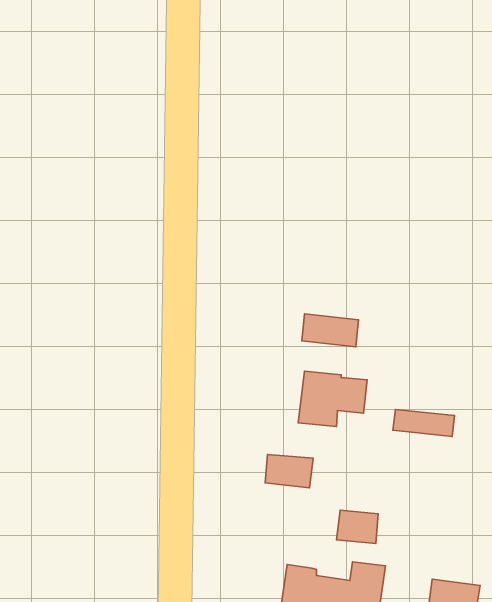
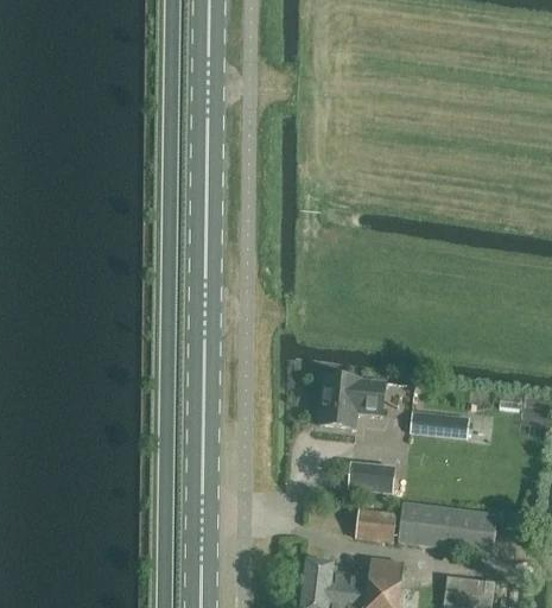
building: [302,314,359,347] -> none
building: [265,455,313,488] -> [348,462,394,494]
building: none -> [398,501,496,552]

